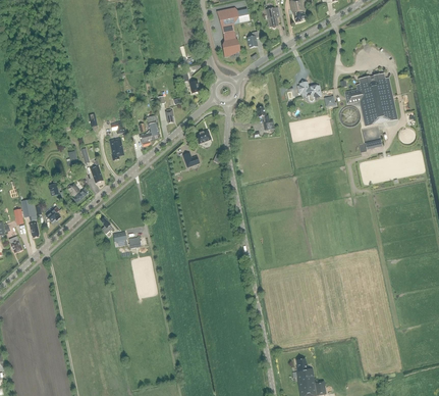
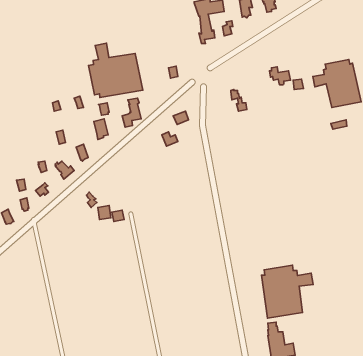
building: none -> [88,43,143,98]
building: none -> [261,265,313,318]

